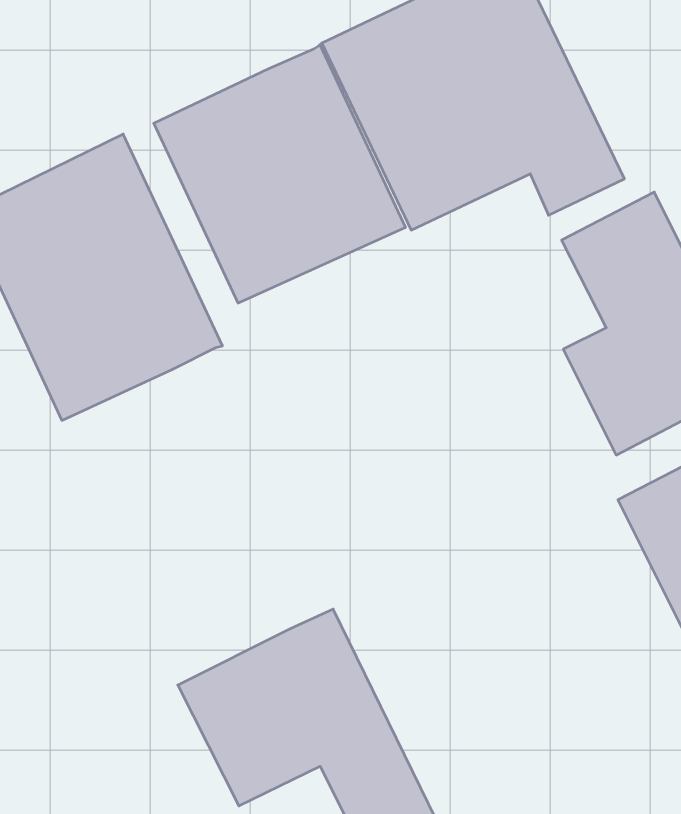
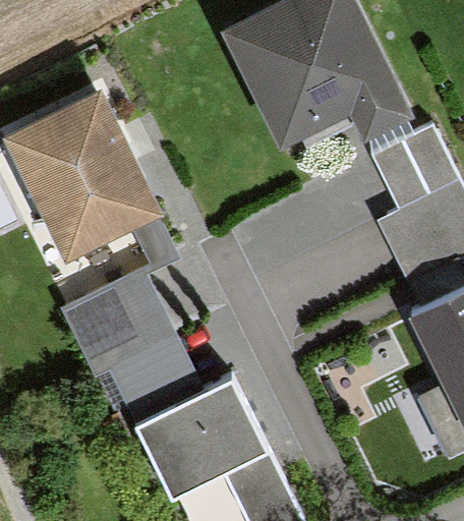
building: [154,45,405,303] -> none
building: none -> [58,220,206,427]

